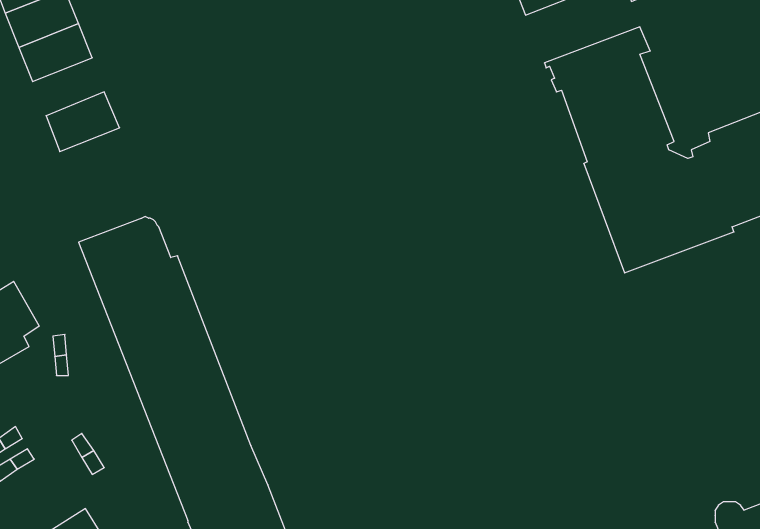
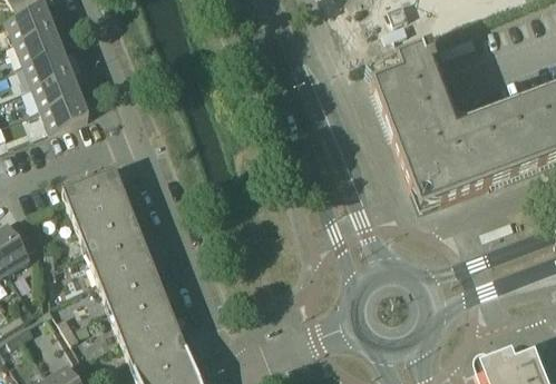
building: none -> [32,67,79,105]

